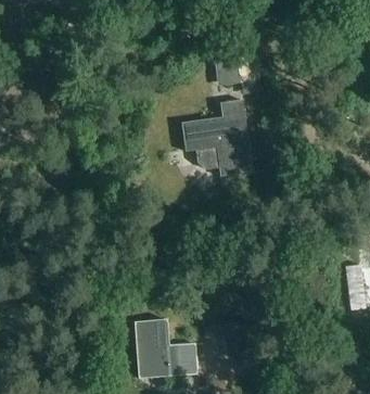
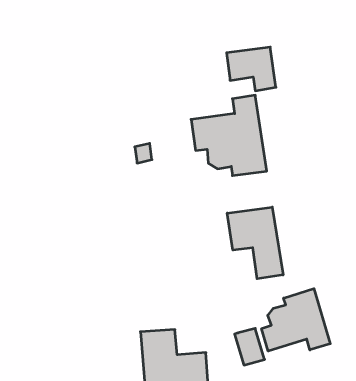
building: none -> [227,207,283,279]
building: none -> [262,289,330,351]

